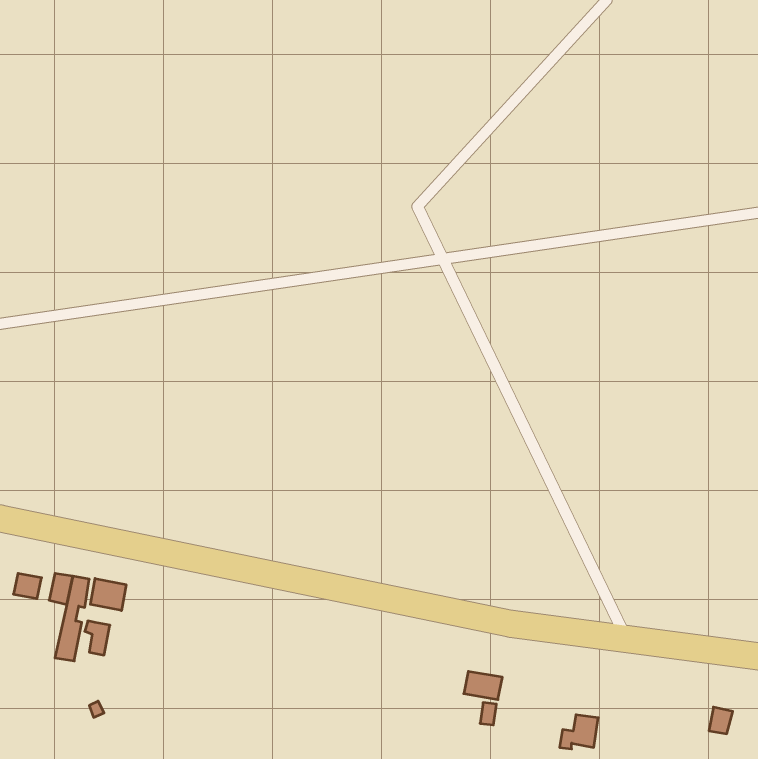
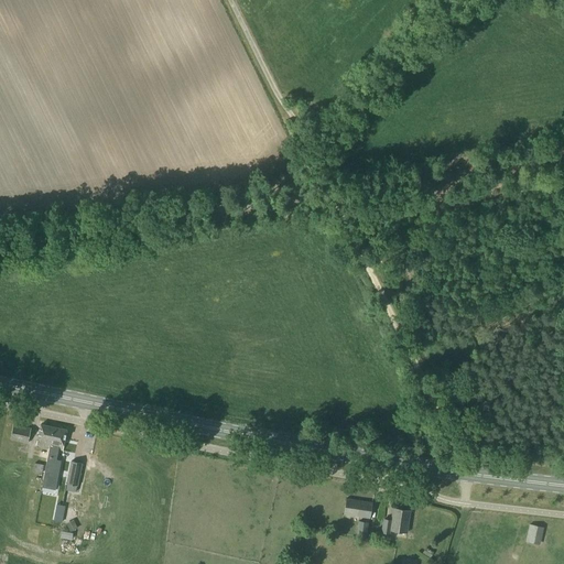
building: [90,578,126,611] -> none
building: [560,715,598,749] -> [382,509,411,534]

